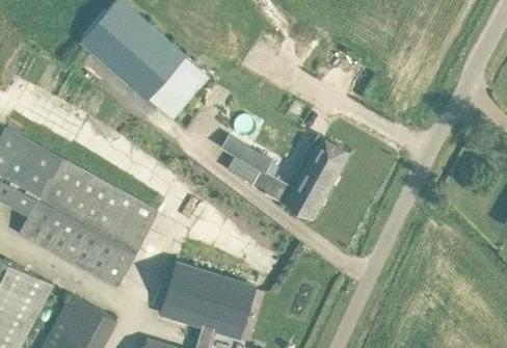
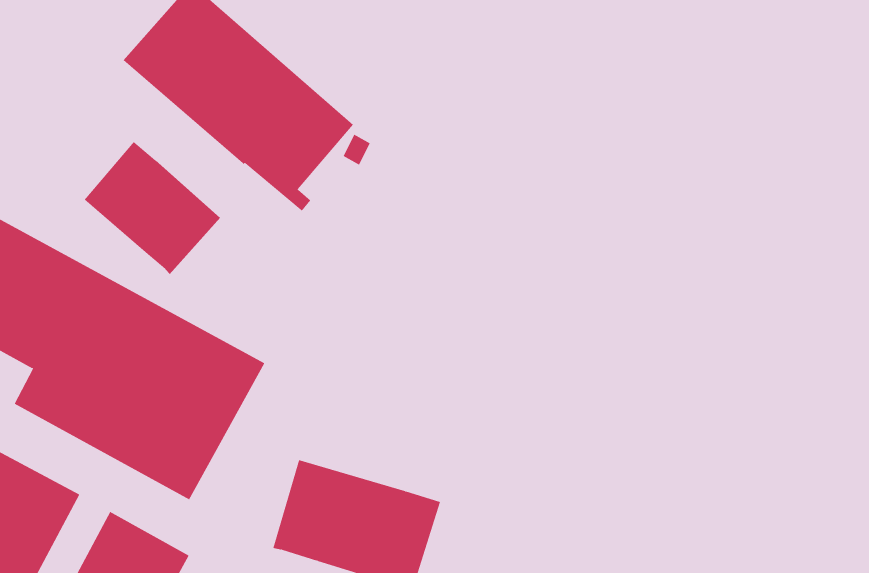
building: none -> [84,141,221,275]
building: [223,135,350,219] -> none

